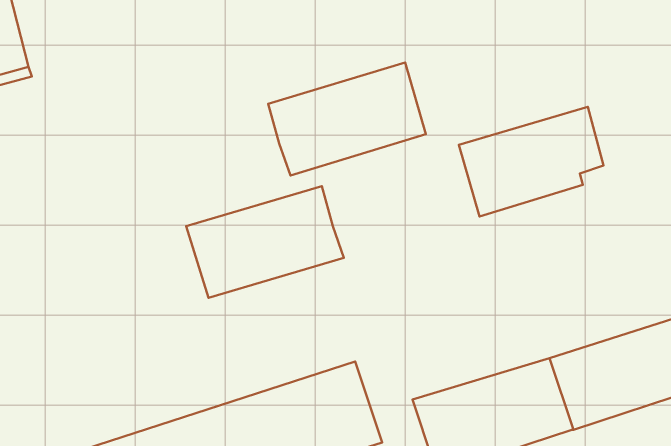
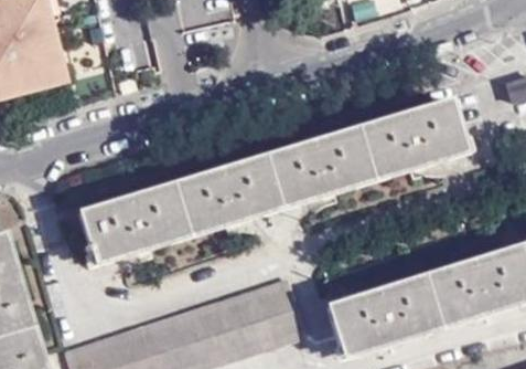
building: [268,62,426,175] -> [265,128,374,207]
building: none -> [80,184,186,256]

